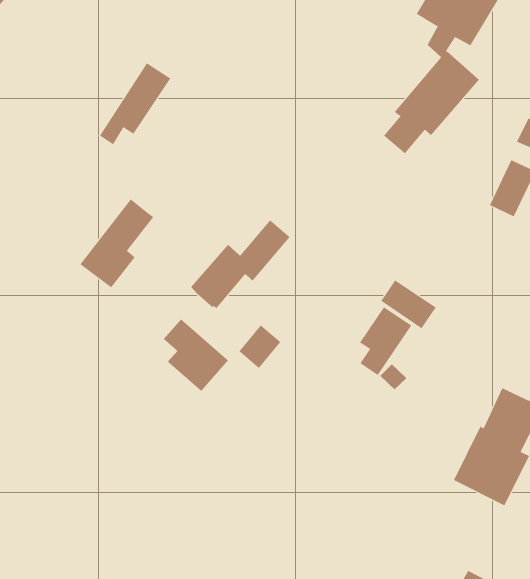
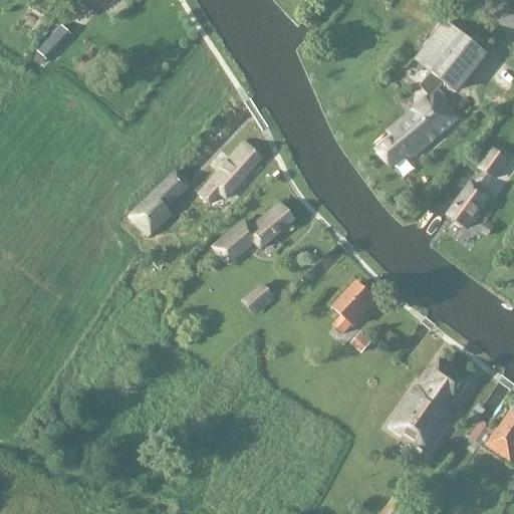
building: [99,63,171,145] -> [199,142,261,202]
building: [380,279,436,329] -> none
building: [163,318,229,392] -> none

